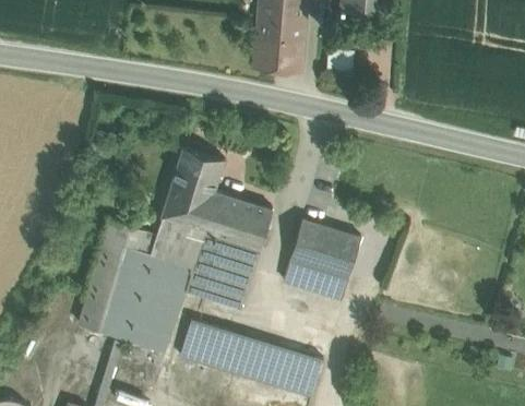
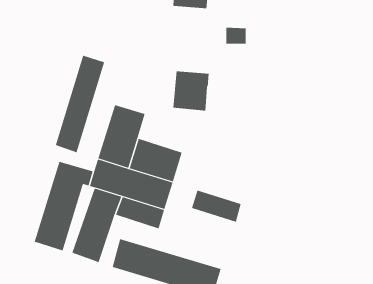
building: [255,21,303,73] -> [172,71,209,111]
building: none -> [55,55,105,153]
building: [290,220,360,277] -> none

